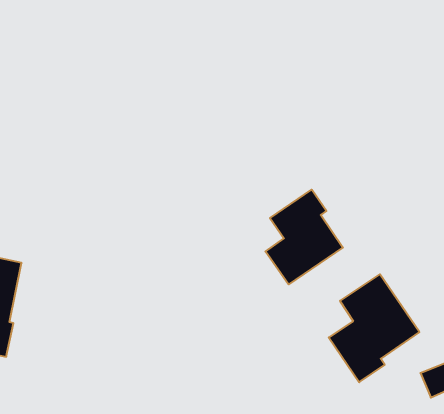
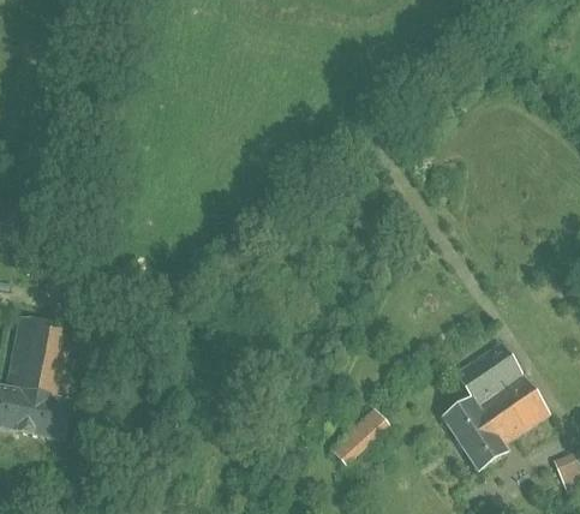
building: [265,190,343,284] -> none
building: none -> [331,407,387,467]

